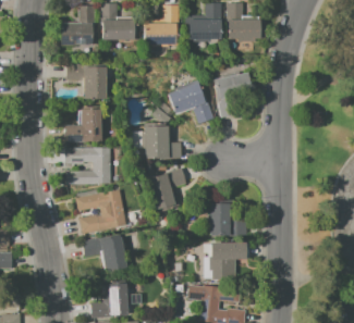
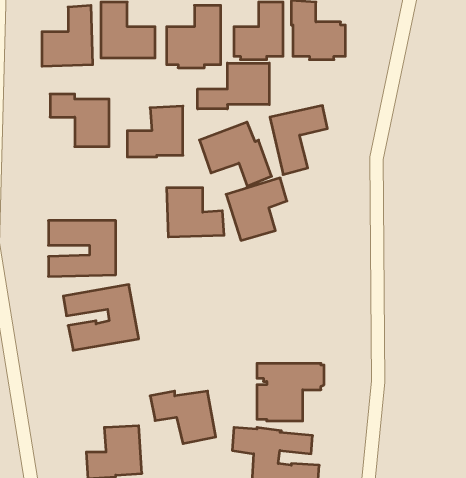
building: none -> [198,63,269,109]
building: [64,109,101,142] -> [127,106,183,157]
building: [146,167,186,209] -> [226,178,287,240]
building: [210,203,248,236] -> none
building: [83,237,126,272] -> [150,391,216,444]

